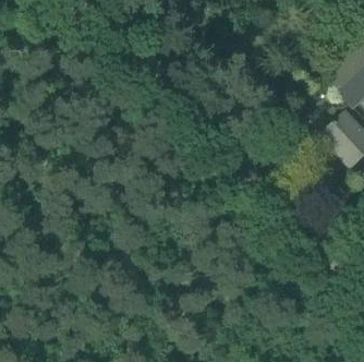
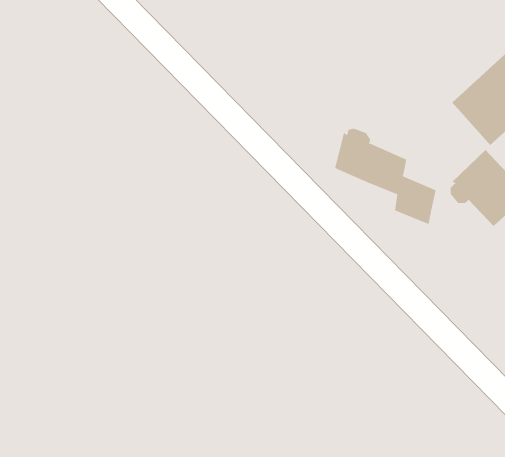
building: none -> [334,128,436,225]

